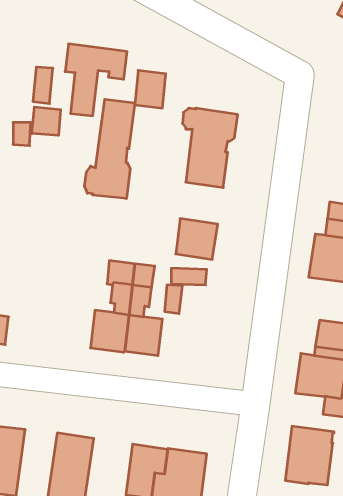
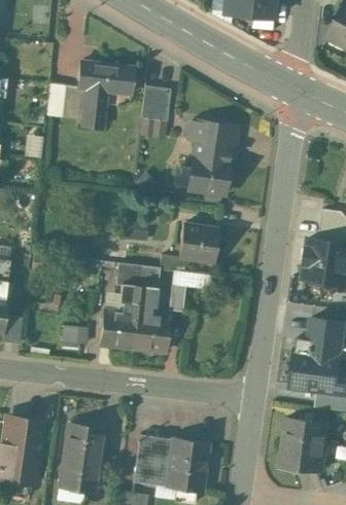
building: [84,99,135,199] -> none
building: [32,107,61,135] -> none
building: none -> [64,324,90,346]

